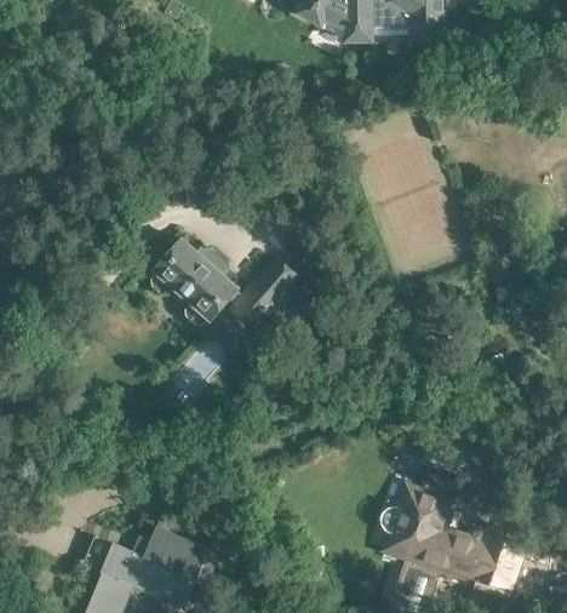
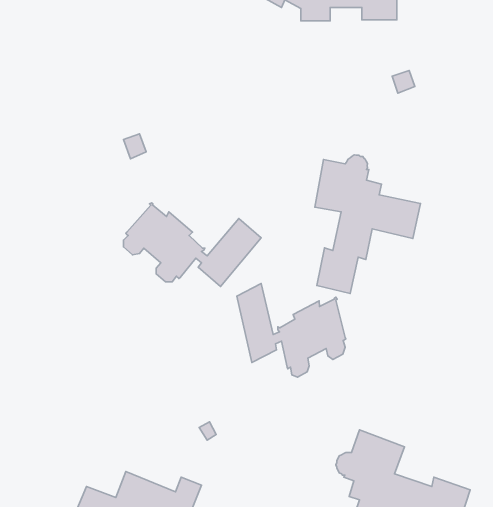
building: none -> [315,155,420,293]
building: none -> [237,284,346,377]

